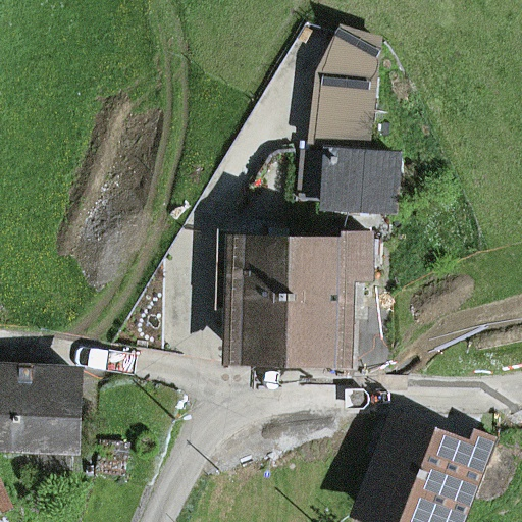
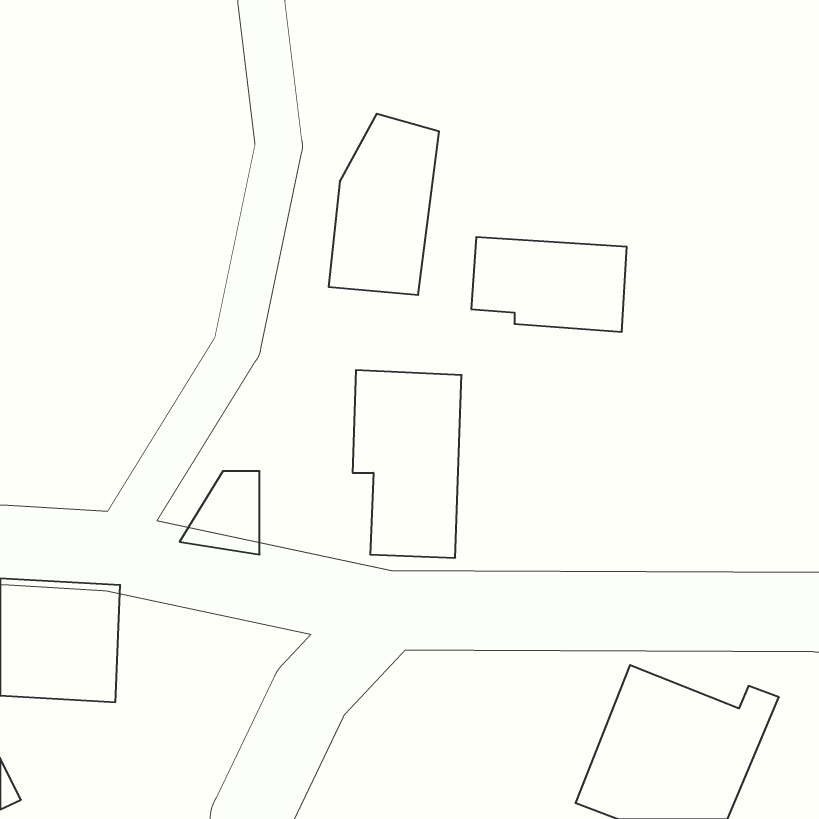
building: [312,34,382,149] -> [329,114,439,295]
building: [290,234,372,357] -> none

